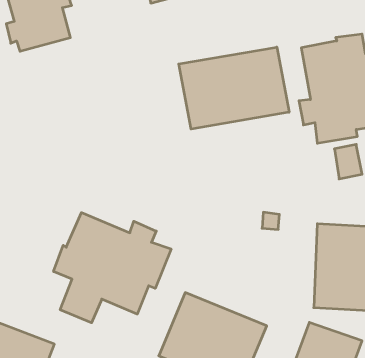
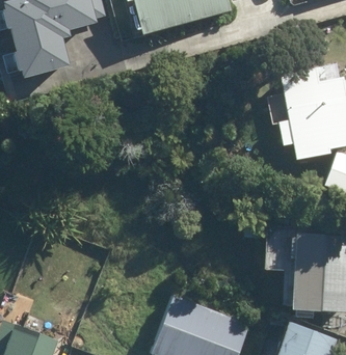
building: [179,47,289,129] -> none
building: [54,213,171,323] -> none

